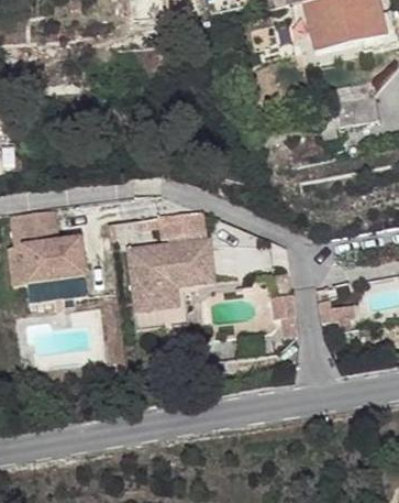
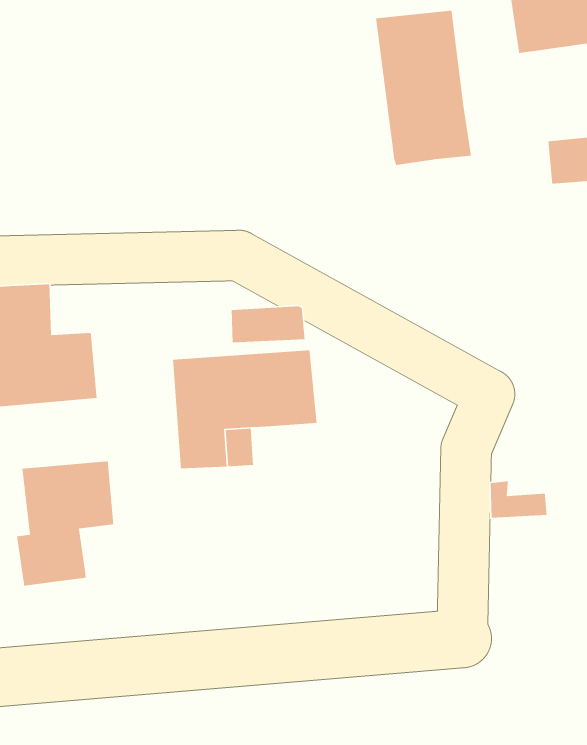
building: none -> [375,10,472,166]
building: none -> [16,461,114,587]

